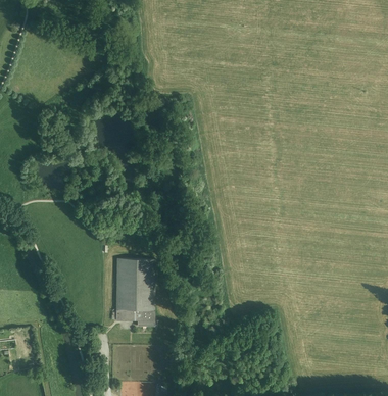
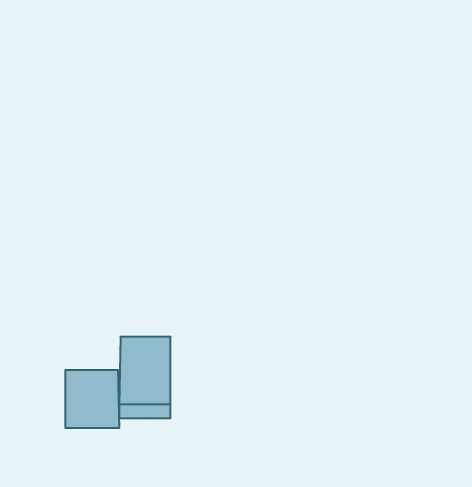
building: none -> [65,370,119,428]

